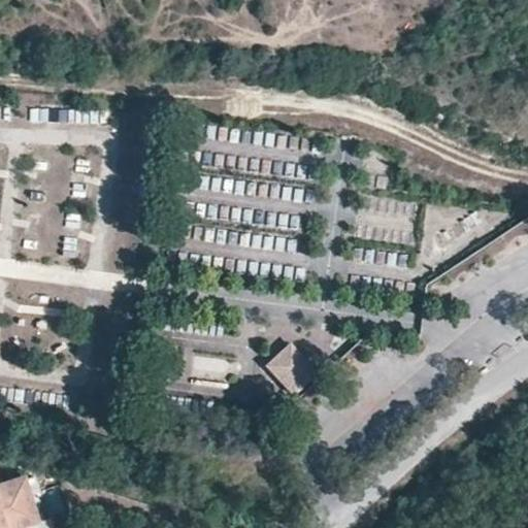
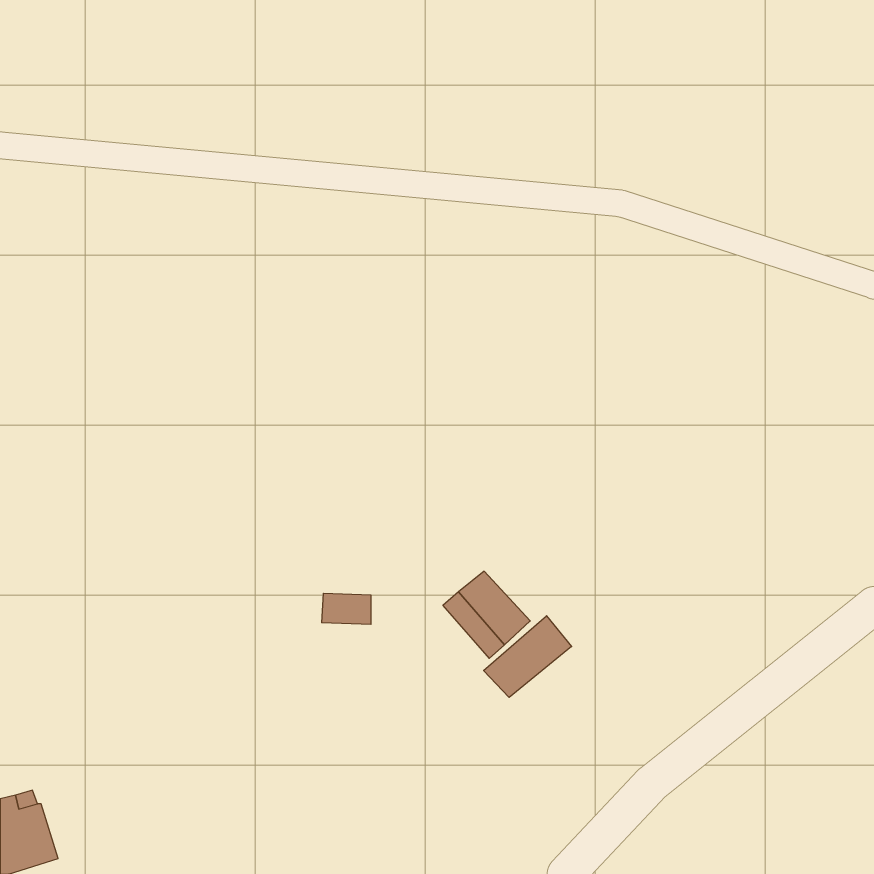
building: none -> [484,616,572,697]

